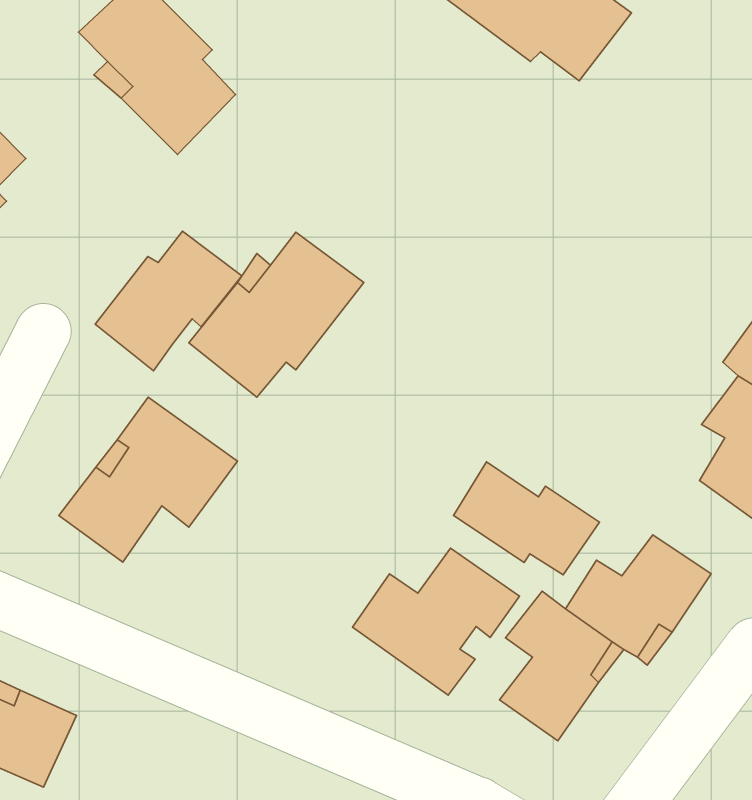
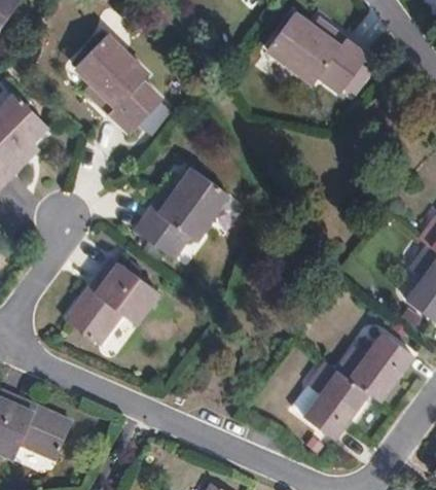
building: [95,231,242,371] -> none
building: [453,462,600,575] -> none
building: [353,548,519,695] -> none

